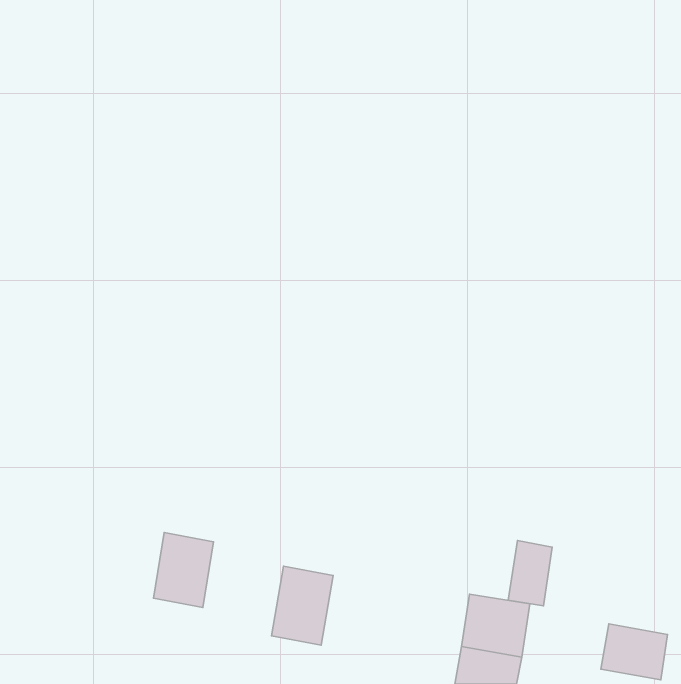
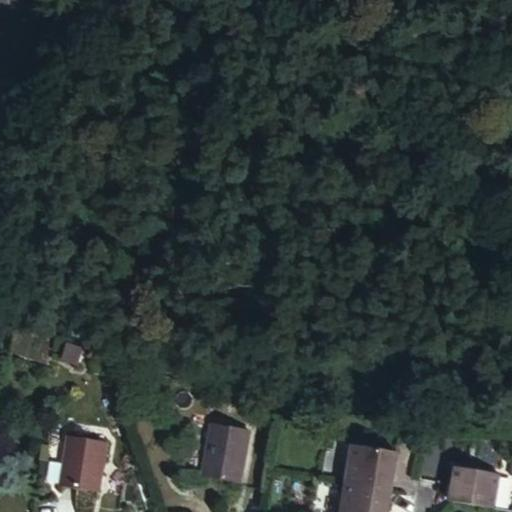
building: [153,532,214,607] -> [61,435,106,491]
building: [508,540,552,606] -> none

